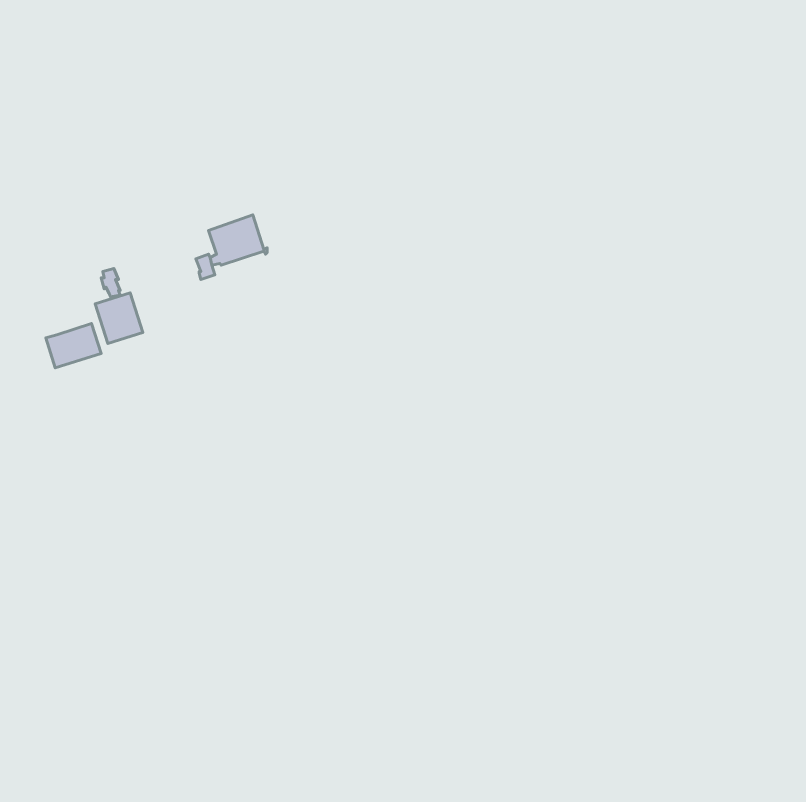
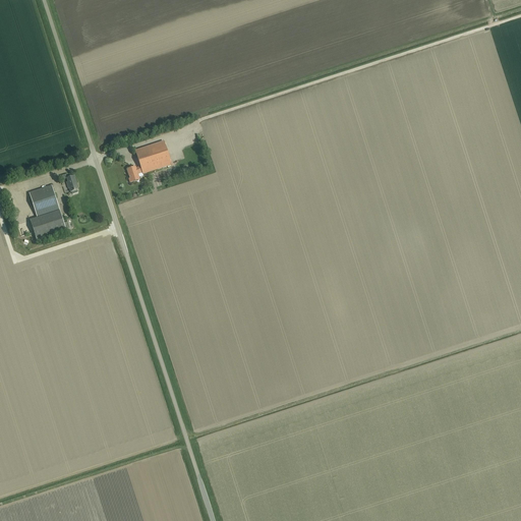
building: [95,293,143,343] -> [28,183,59,216]

